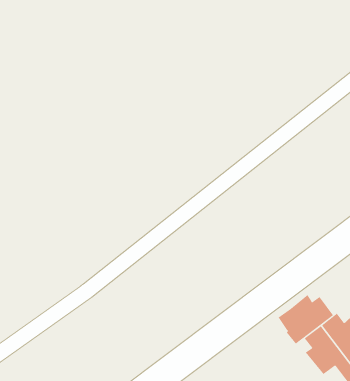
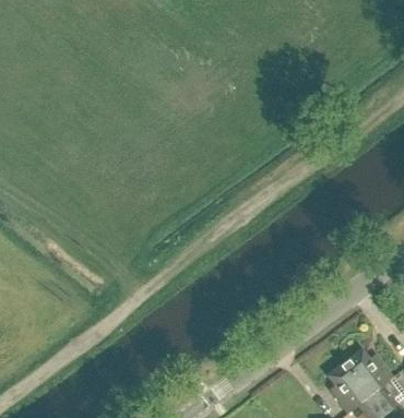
building: [278,294,334,344] -> none

